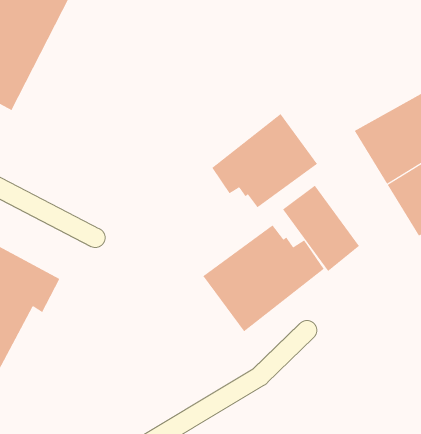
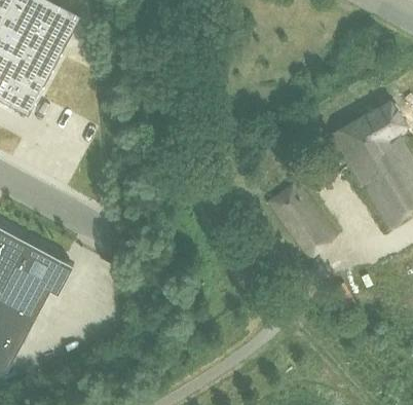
building: [211,113,318,208] -> none
building: [203,224,324,332] -> none

